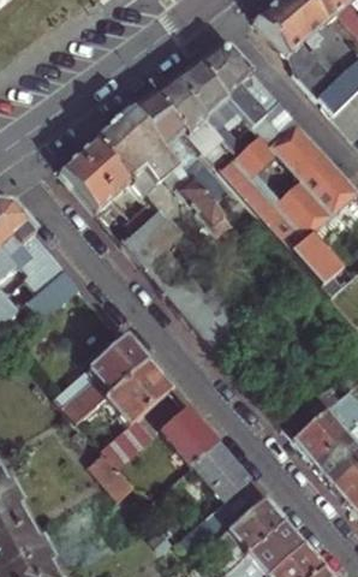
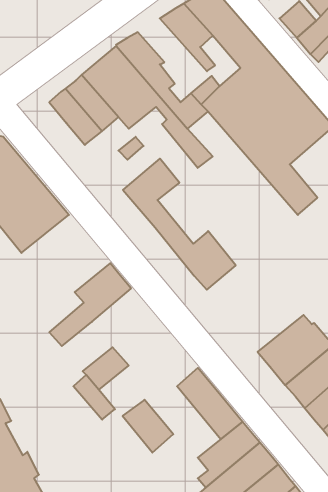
building: [155,76,227,144] -> none
building: [107,358,171,420] -> none
building: [165,405,217,460] -> [123,400,173,453]

